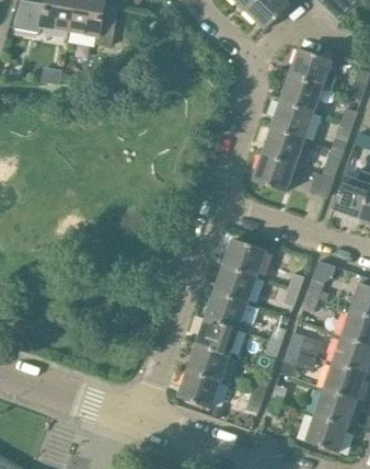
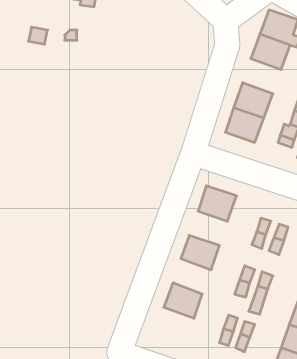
building: [273,101,314,139] -> none
building: [215,266,256,304] -> none
building: [197,318,239,356] -> none
building: [178,370,220,409] -> none

